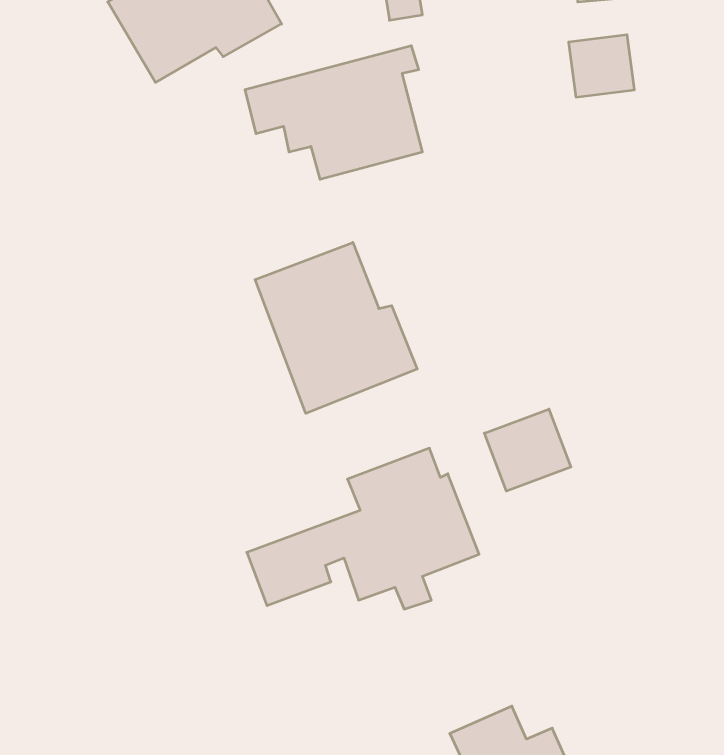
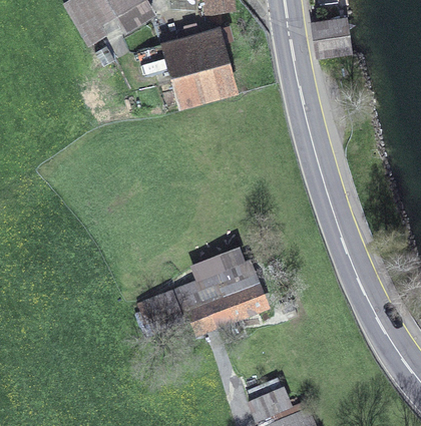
building: [255,242,417,413] -> none
building: [484,409,571,491] -> none

